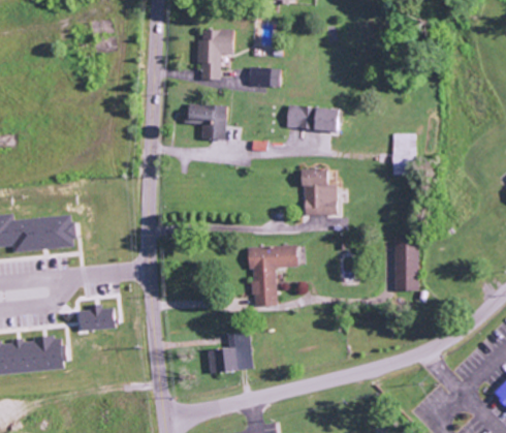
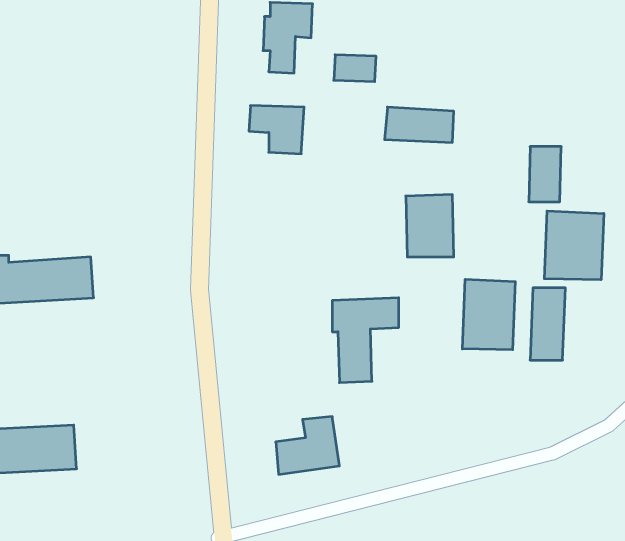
building: none -> [544,211,604,280]
building: none -> [462,279,515,350]
building: [77,305,114,330] -> none

